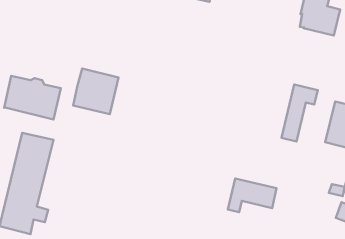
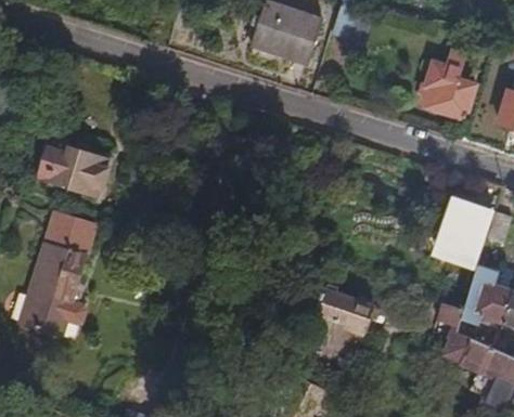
building: [73,69,119,114] -> none
building: [281,85,318,142] -> none

